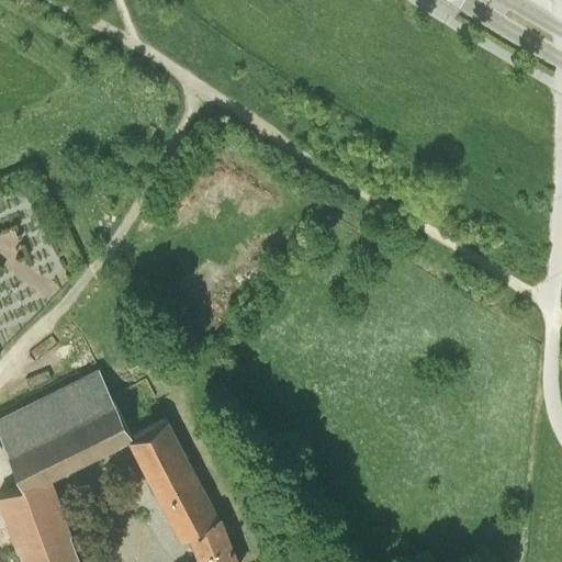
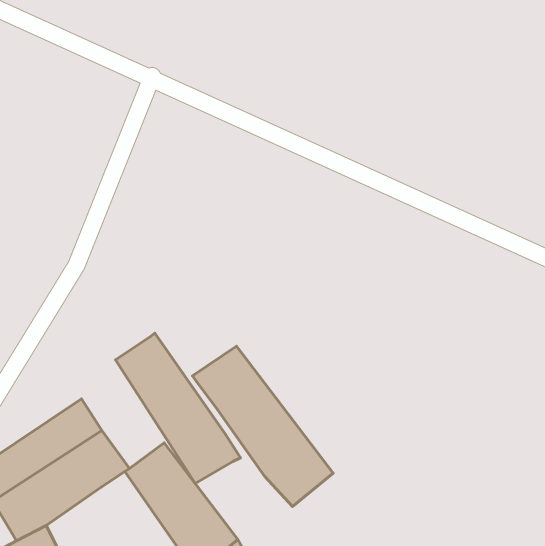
building: none -> [115,333,240,483]
building: none -> [192,346,333,506]

